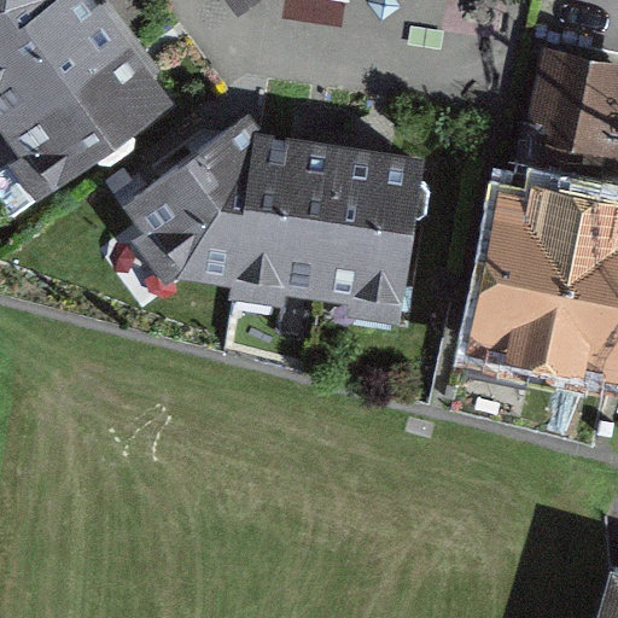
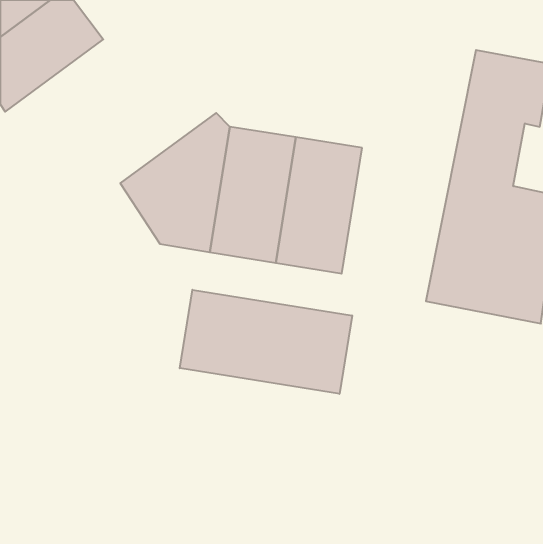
building: [7,45,161,185] -> none
building: none -> [180,290,352,394]

